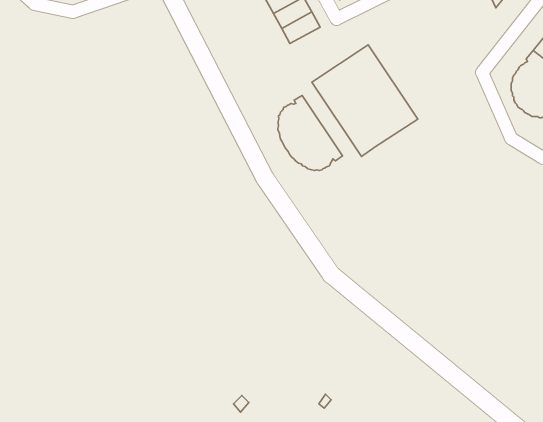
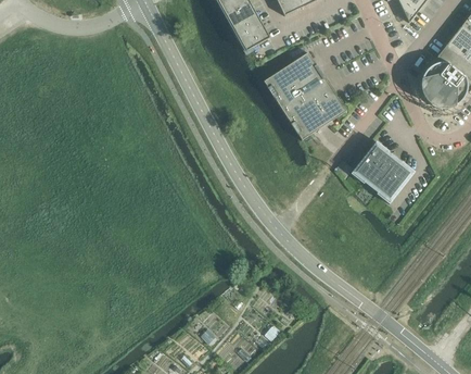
building: [278,95,342,171] -> none
building: none -> [351,140,415,203]

